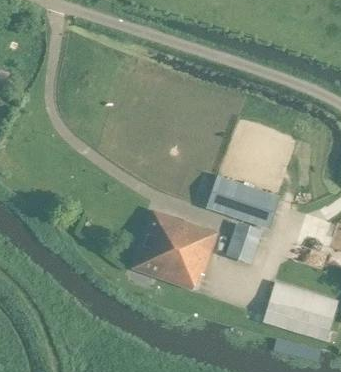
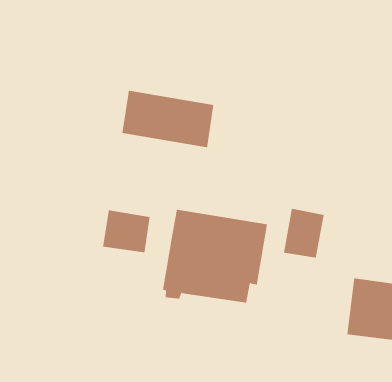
building: [207,177,279,229] -> [122,90,214,148]
building: none -> [102,209,150,253]

